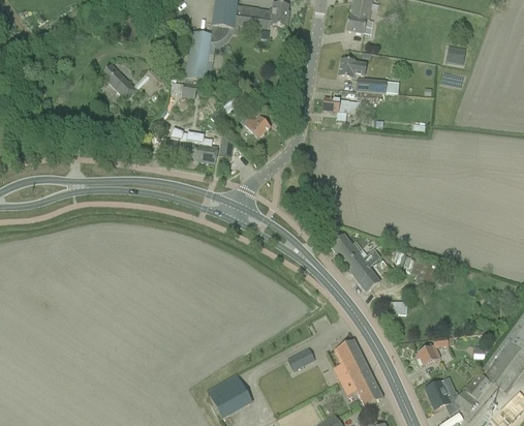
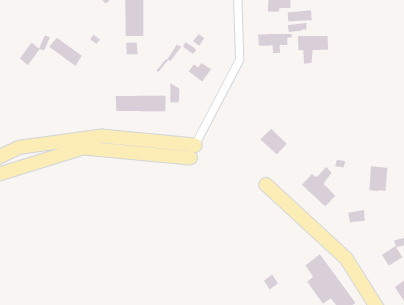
building: none -> [19,35,51,66]
building: none -> [298,35,328,65]
building: [330,233,359,263] -> [260,128,288,155]

